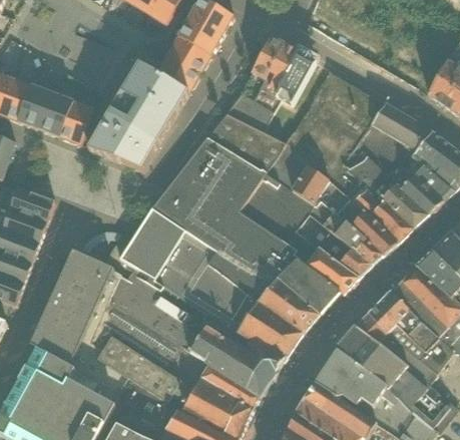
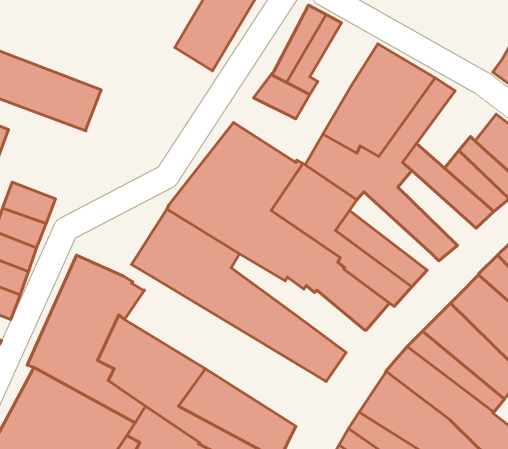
building: [276,50,314,100] -> none
building: [80,61,188,169] -> none
building: [363,108,431,174] -> none
building: [206,114,283,171] -> none
building: [347,176,414,241] -> none
building: [306,194,382,262] -> none
building: [204,248,319,332] -> none
building: [113,268,286,395] -> none

